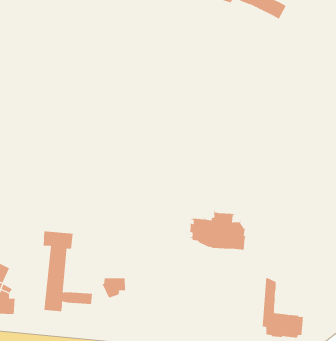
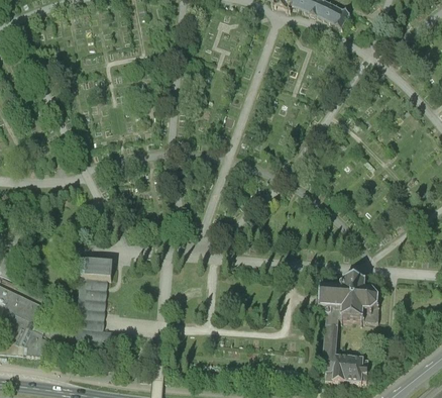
building: [189,210,247,251] -> [316,276,380,321]
building: [102,277,125,298] -> none

